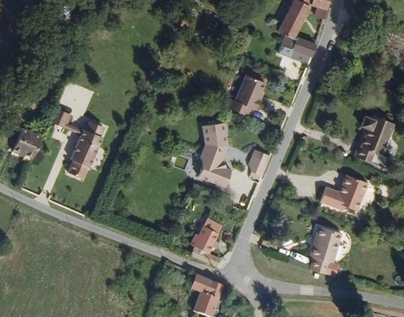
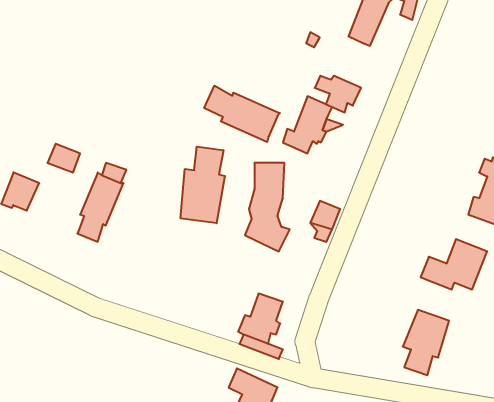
building: [278,32,312,59] -> [315,76,361,112]
building: none -> [204,86,280,142]
building: none -> [181,147,225,223]

